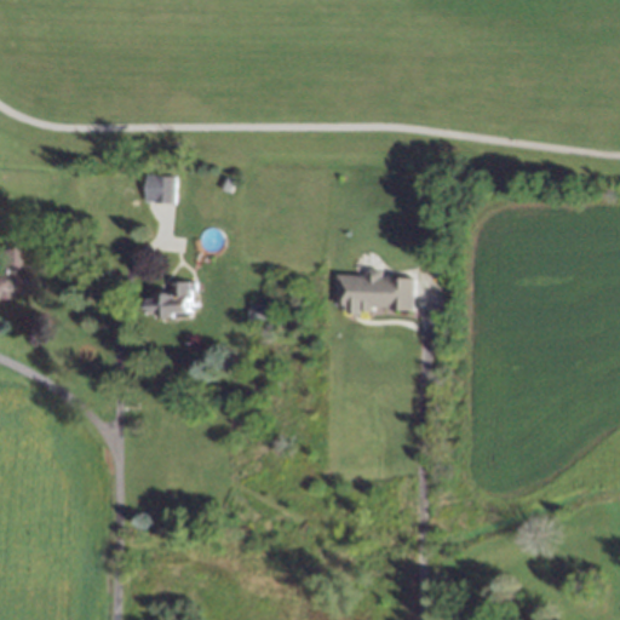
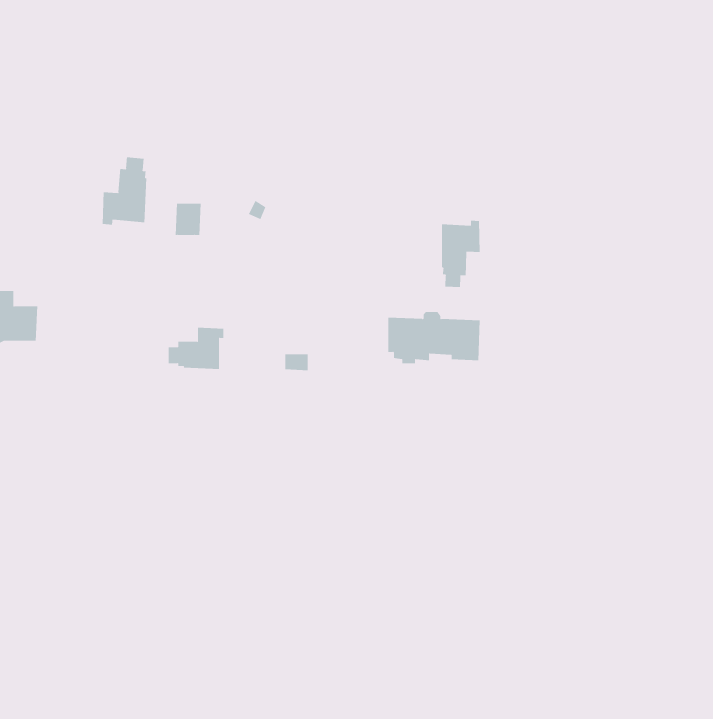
building: none -> [102,157,147,225]
building: none -> [442,220,480,288]

